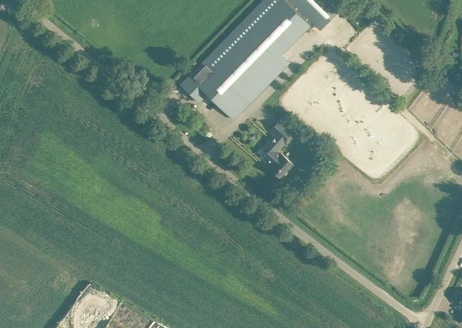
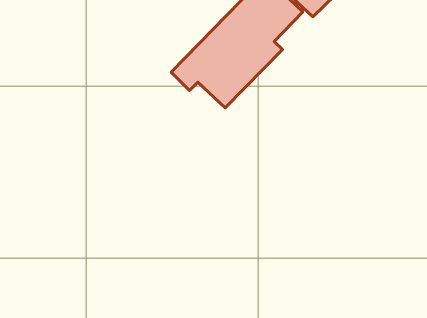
building: [261,122,293,180] -> none

